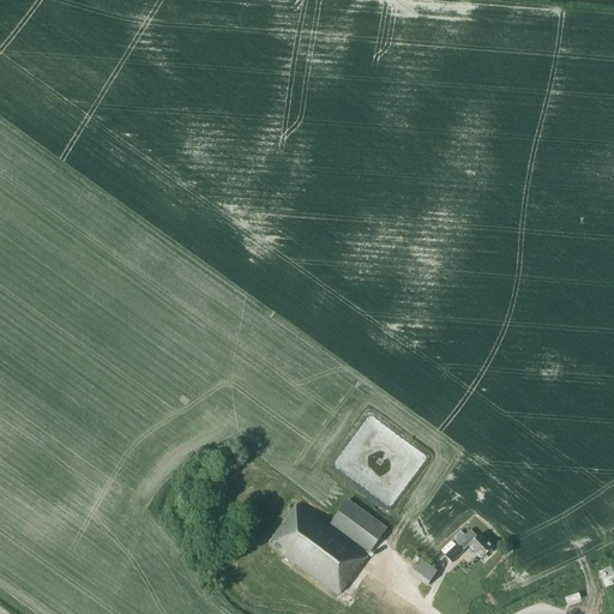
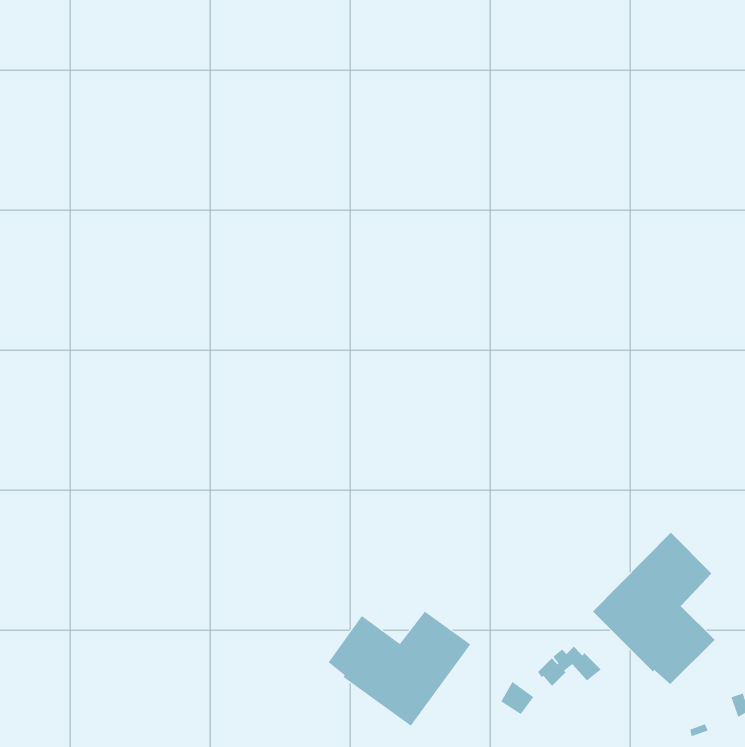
building: none -> [592,532,715,685]

